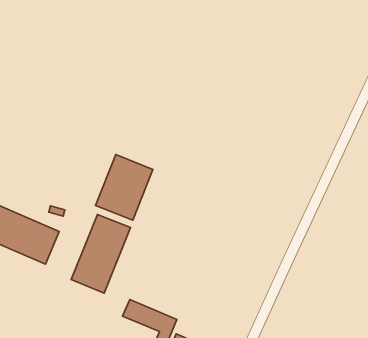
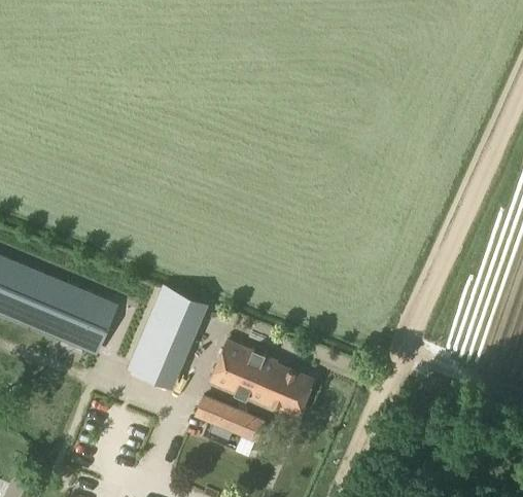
building: [95,154,153,220] -> none
building: none -> [211,341,313,416]

